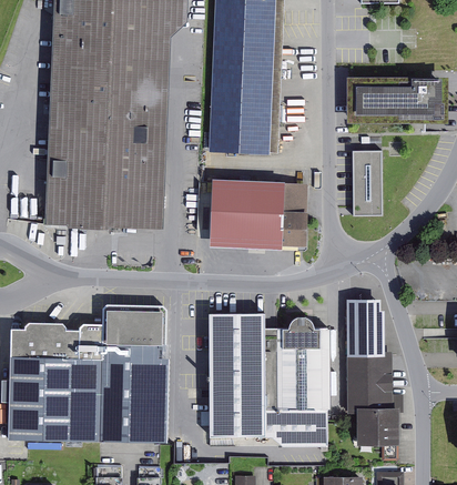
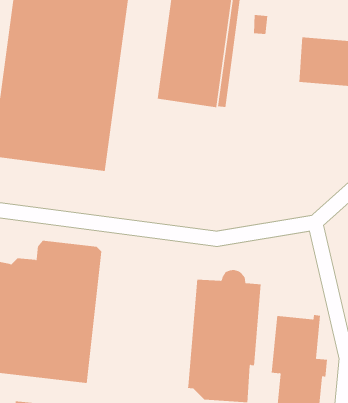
building: [352,150,383,216] -> none
building: [209,178,307,250] -> none
building: [346,299,384,356] -> none
building: [207,311,265,436] -> none

